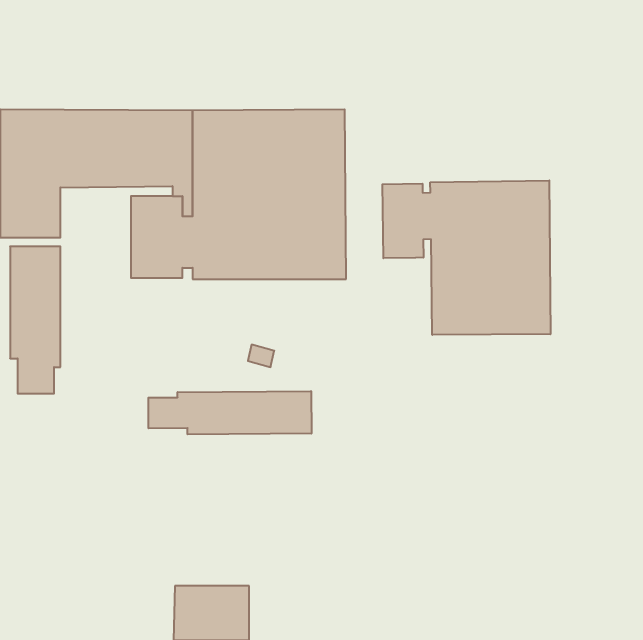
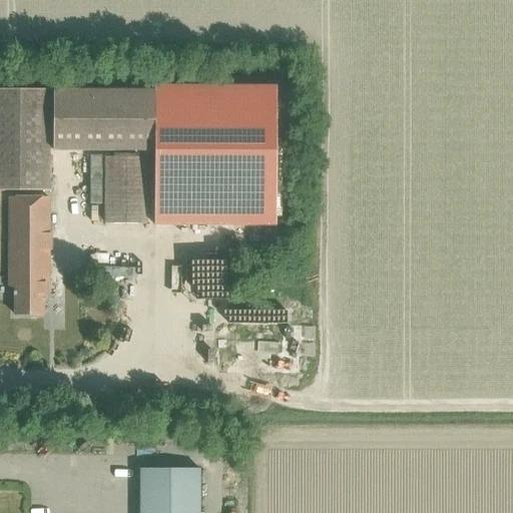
building: [382,180,550,335] -> none
building: [148,391,311,434] -> none

